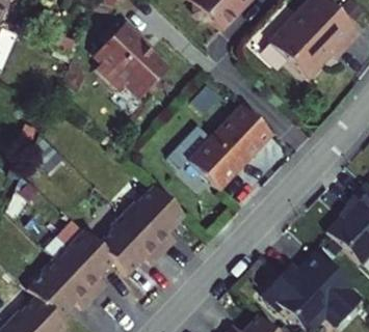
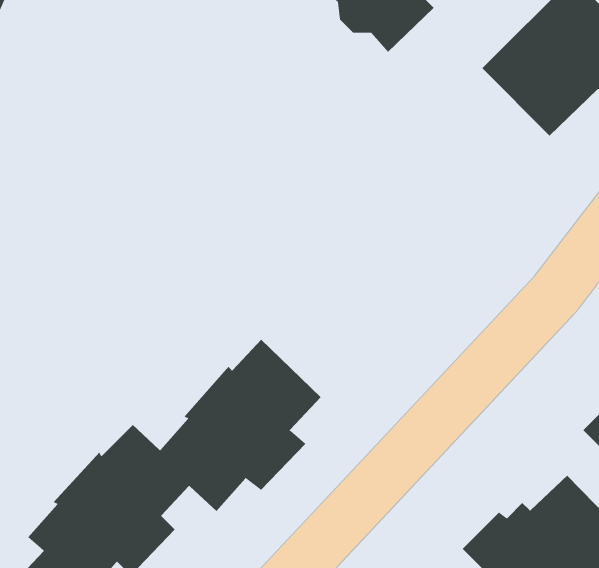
building: [93,18,168,95] -> none
building: [188,102,272,190] -> none

